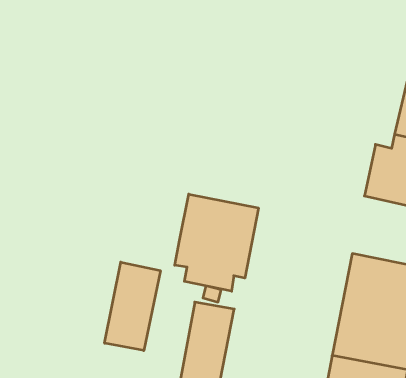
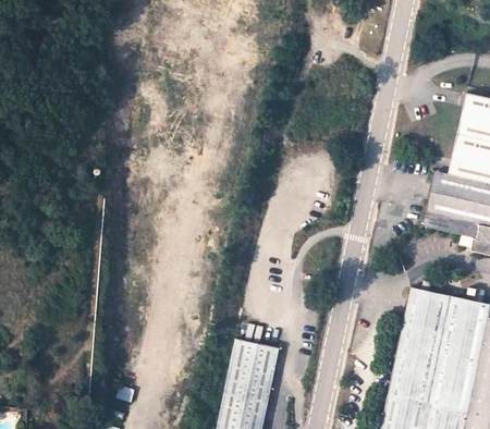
building: [175,194,258,291] -> none
building: [105,262,160,351] -> none

